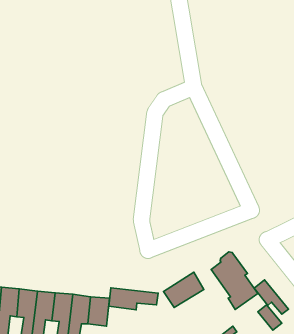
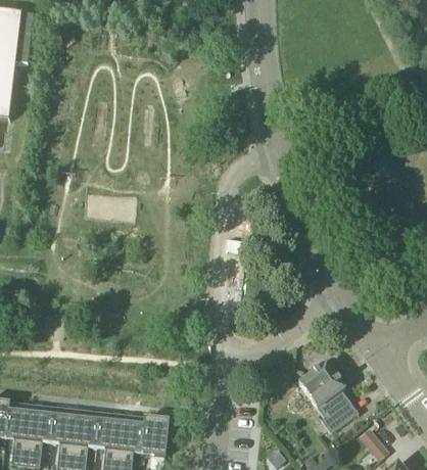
building: [164,272,204,308] -> none
building: [254,280,289,314] -> none
building: [109,288,158,310] -> none

